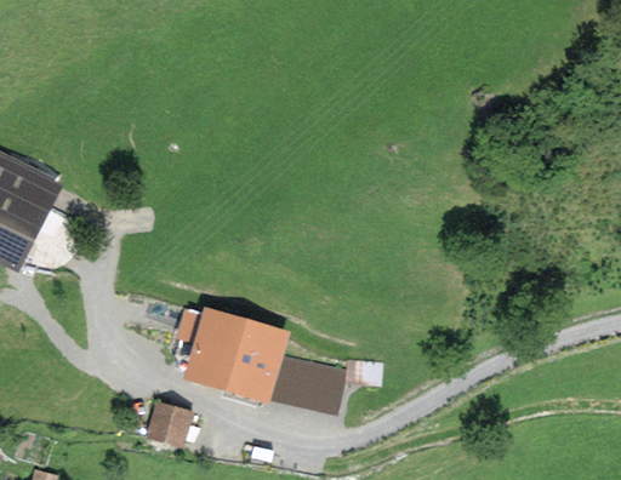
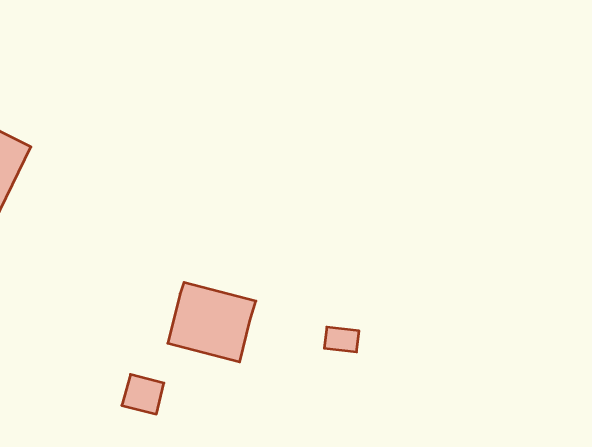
building: [263,353,344,411] -> none

